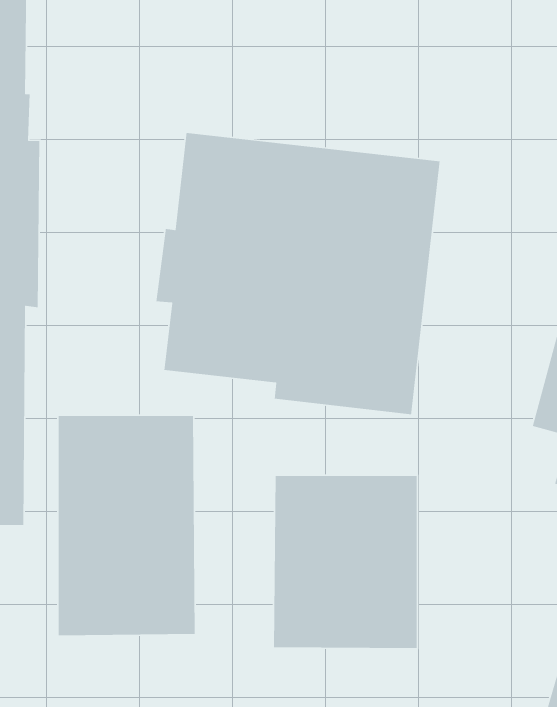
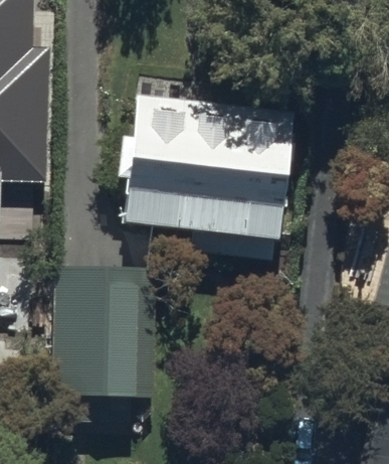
building: [273,475,417,649] -> none

